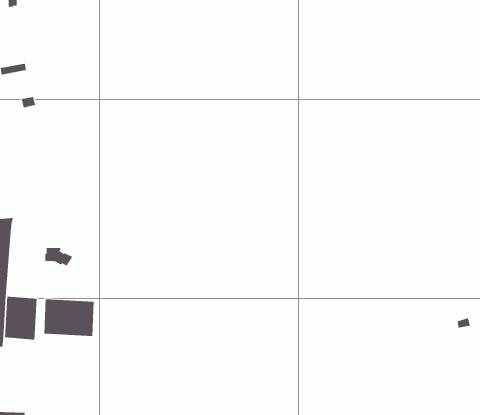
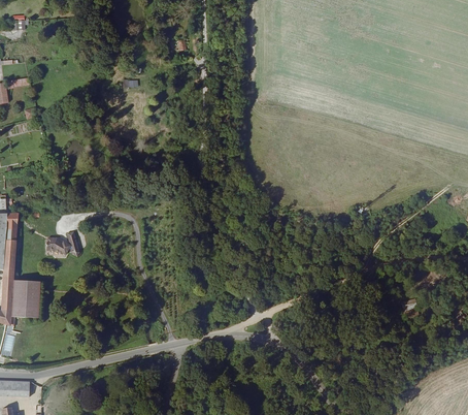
building: [44,298,94,337] -> none

